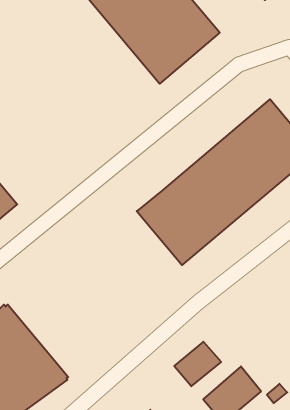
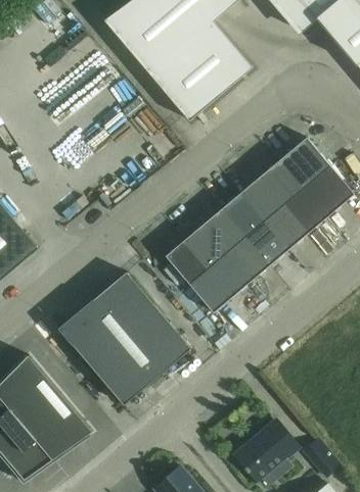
building: none -> [58,272,190,404]
building: [174,342,221,386] -> none

